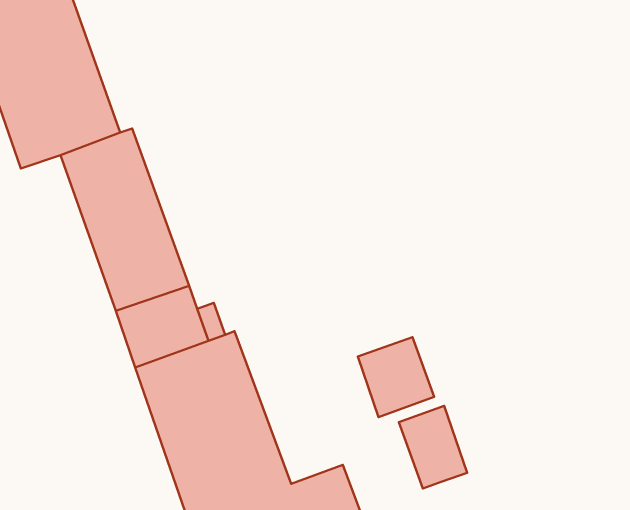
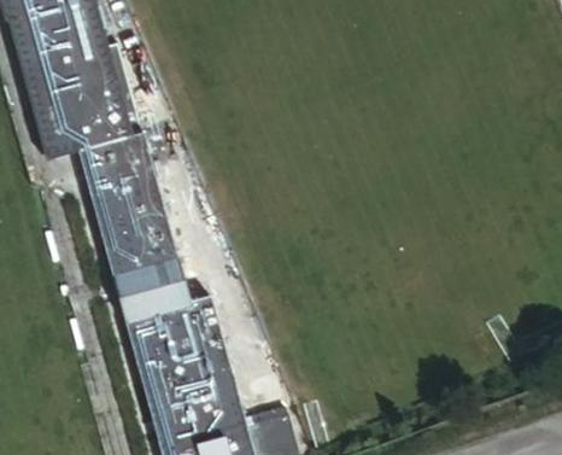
building: [358,337,434,417] -> none
building: [399,406,467,489] -> none

